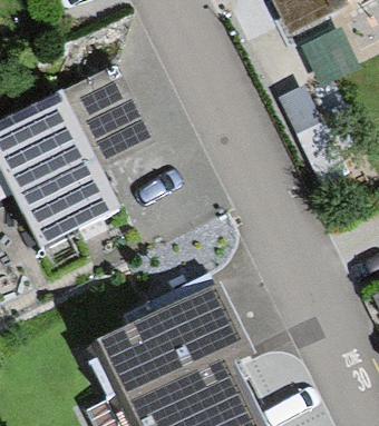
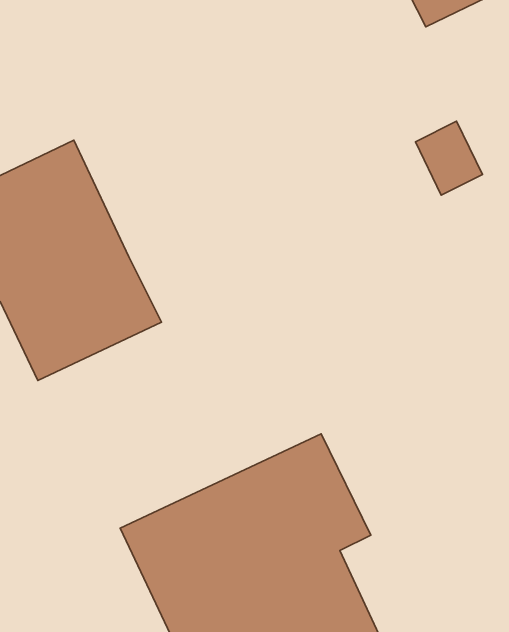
building: [58,67,154,170] -> none

